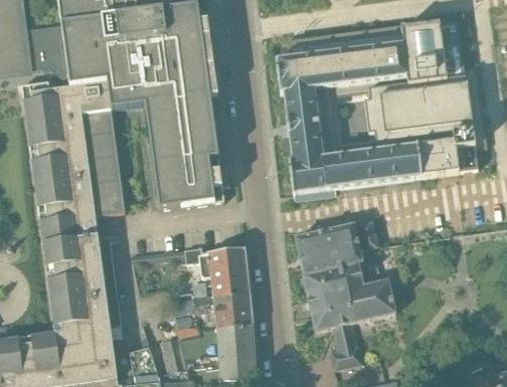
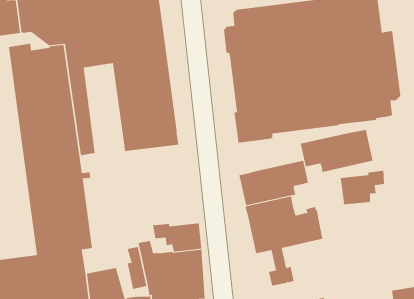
building: none -> [300,129,373,173]
building: none -> [340,170,385,205]
building: [184,247,248,299] -> none

